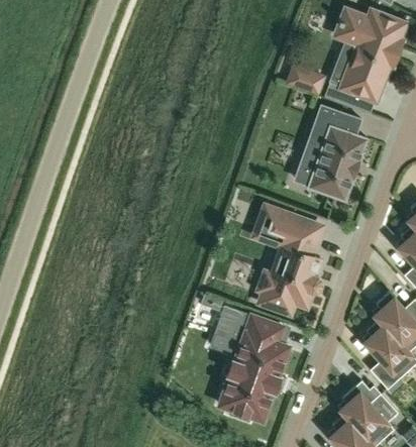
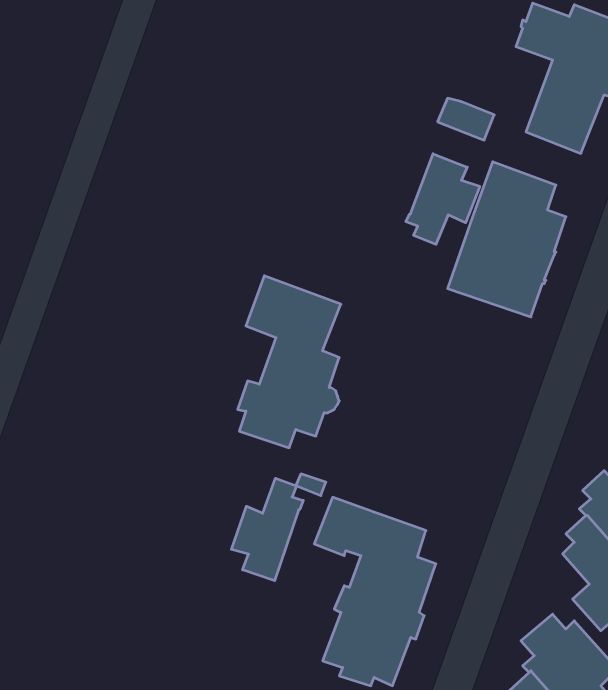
building: none -> [406,154,480,244]
building: [258,209,321,313] -> [238,276,341,448]
building: none -> [231,478,303,581]

